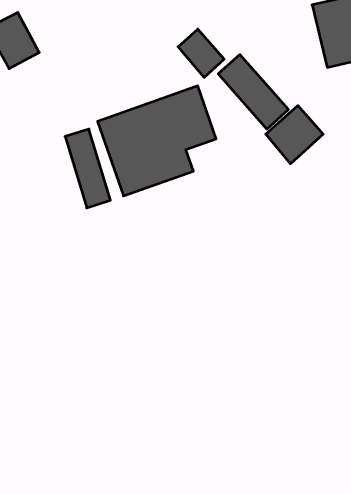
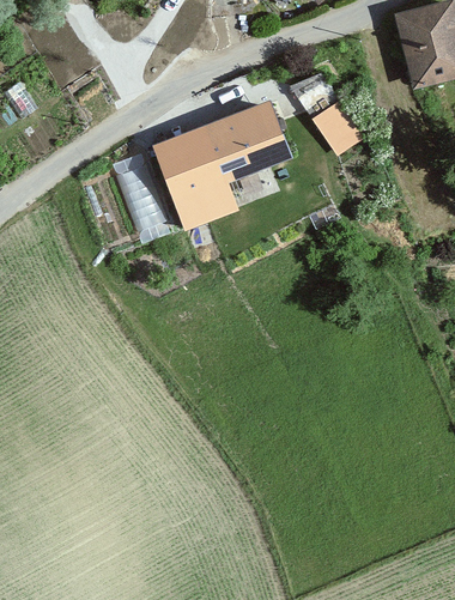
building: [178,29,224,77] -> none
building: [266,106,323,164] -> none

